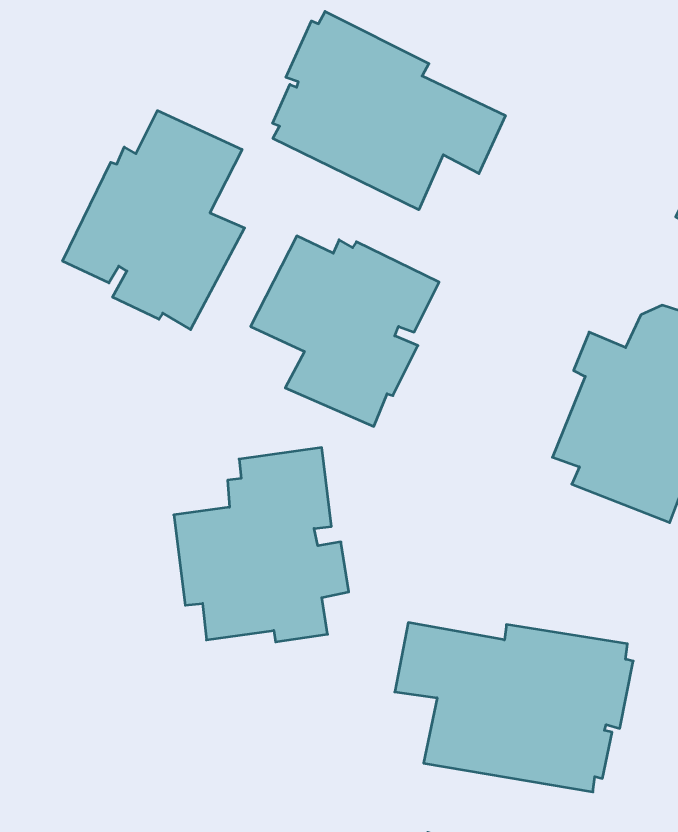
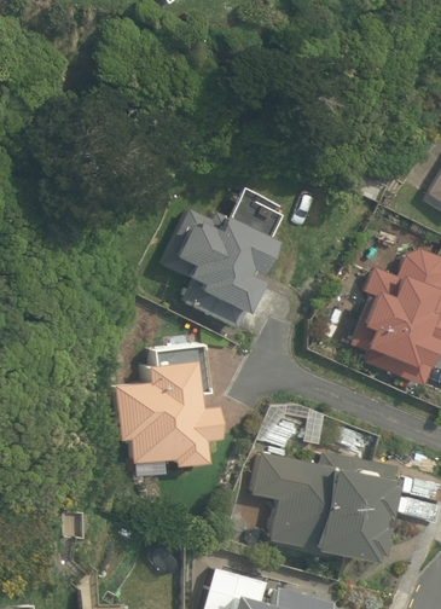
building: [273,11,505,210] -> none
building: [63,111,245,330] -> none

